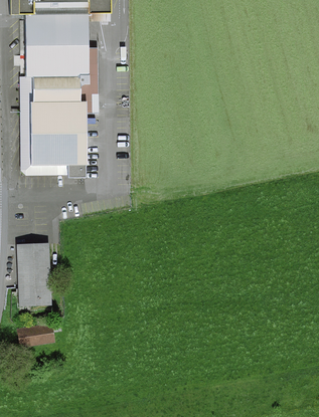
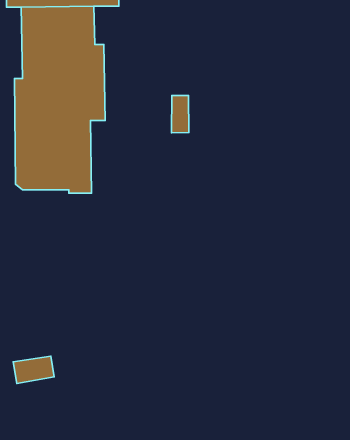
building: none -> [172,95,189,133]
building: [16,243,50,305] -> none

